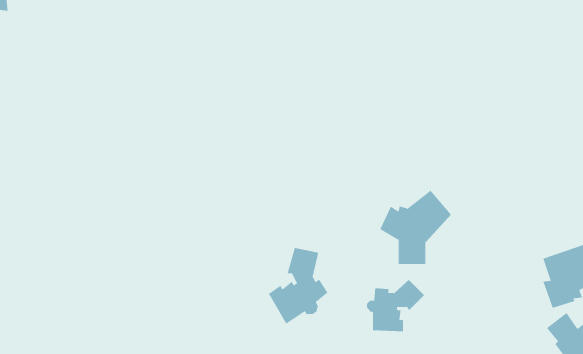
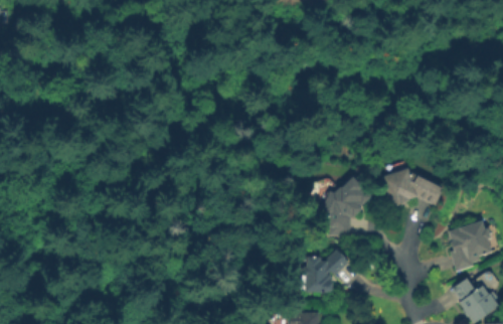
building: none -> [379,165,444,208]
building: [268,247,328,325] -> none

